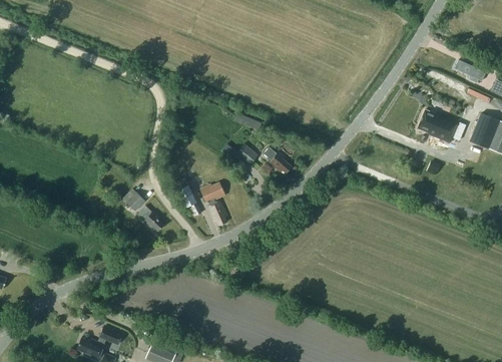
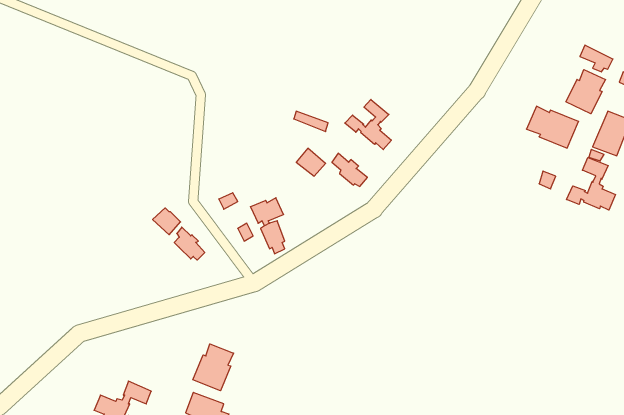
building: none -> [566,70,606,114]
building: none -> [345,99,391,150]
building: none -> [567,158,615,210]
building: none -> [193,344,234,391]

